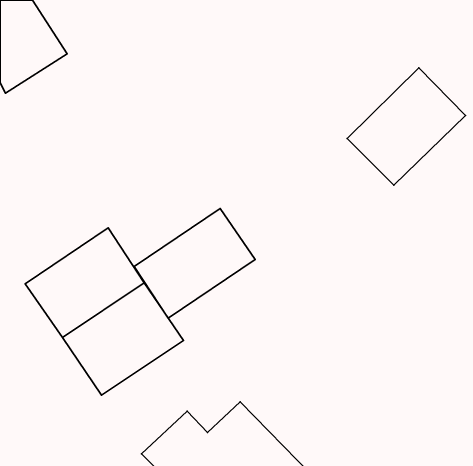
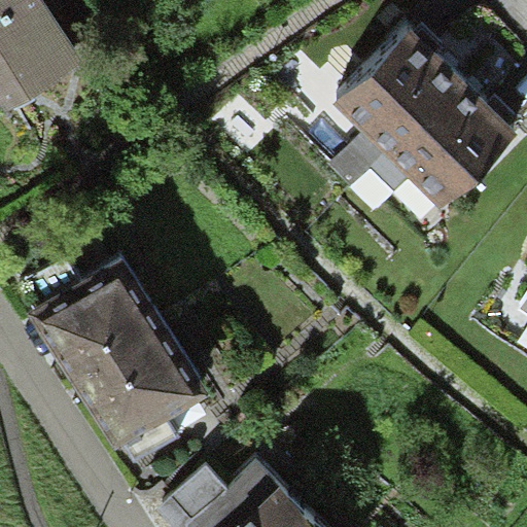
building: none -> [331,30,466,164]
building: [134,208,255,318] -> none

